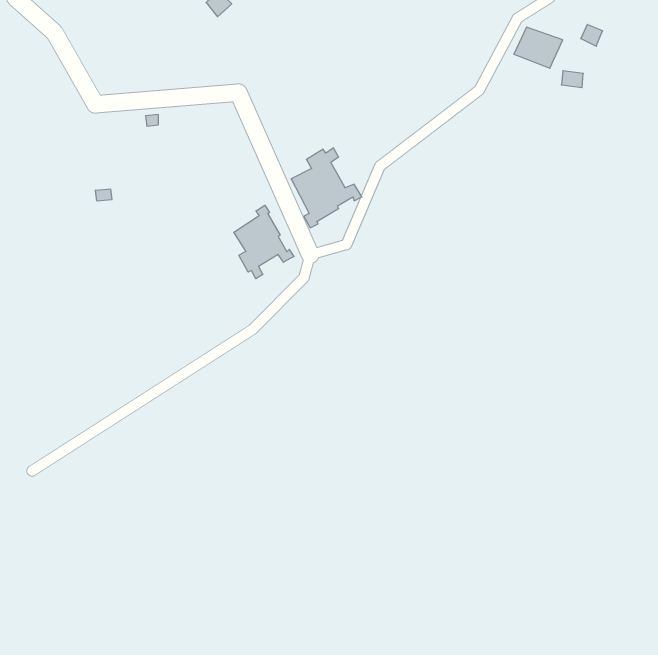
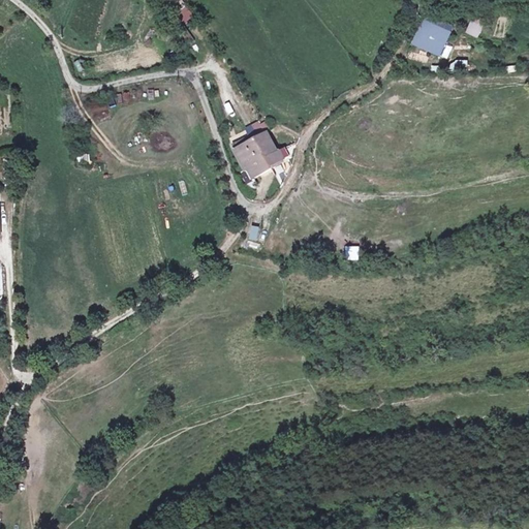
building: [234,205,294,279] -> none

